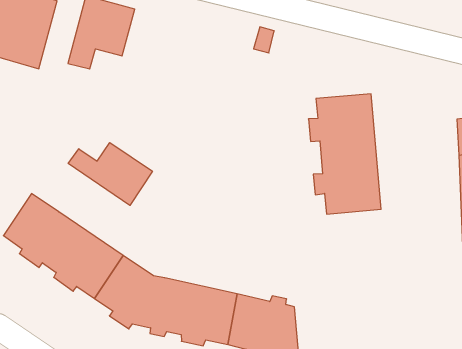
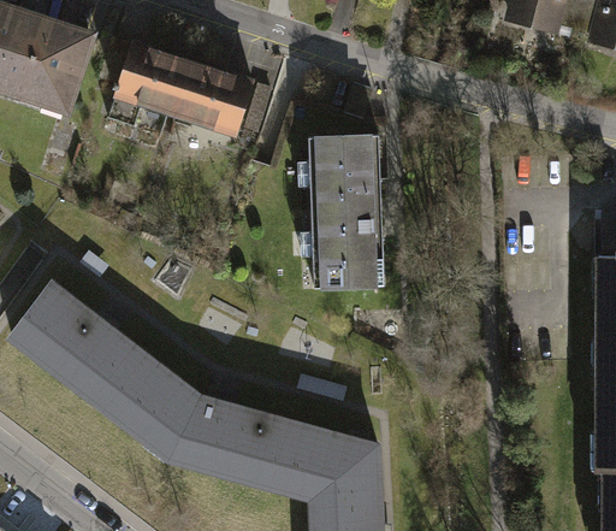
building: none -> [176,53,255,132]
building: [308,94,381,214] -> [297,142,384,293]
building: [68,143,152,205] -> none

